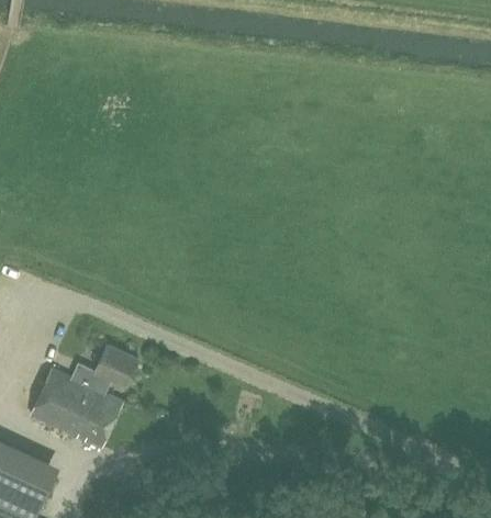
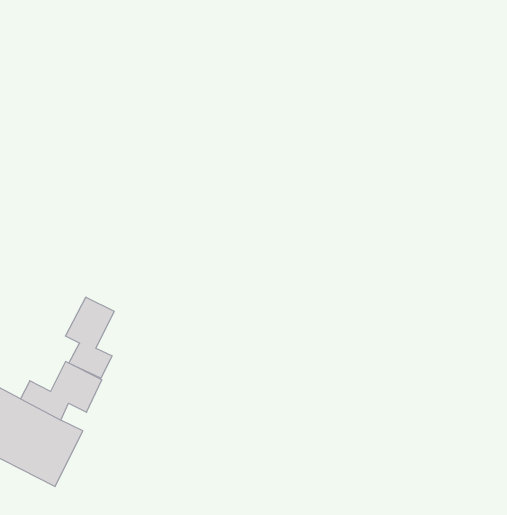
building: none -> [65,297,114,378]

